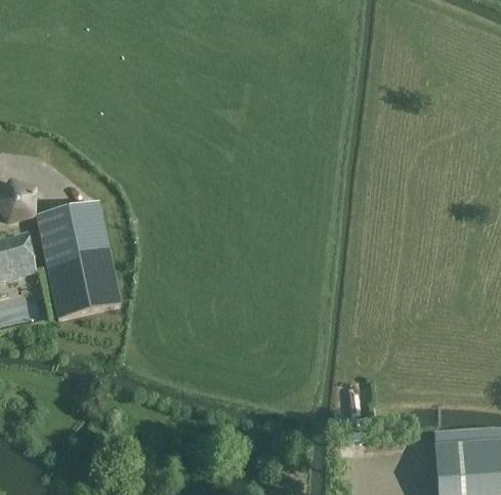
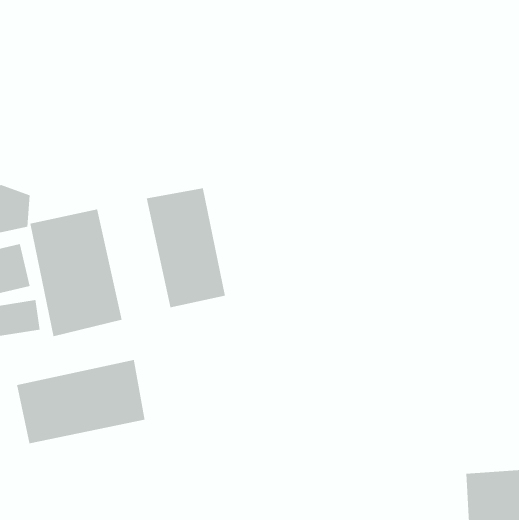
building: none -> [146,188,226,308]
building: none -> [16,359,145,444]

